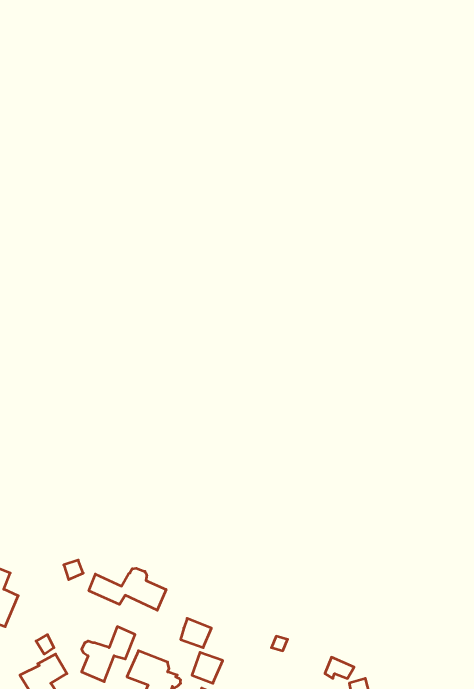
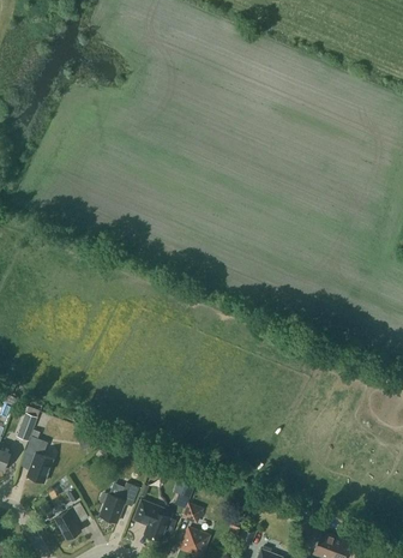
building: [89,568,166,610] -> none

